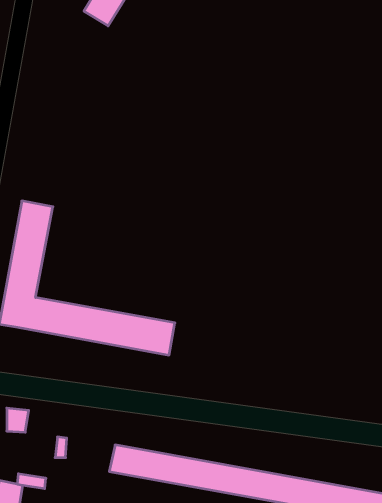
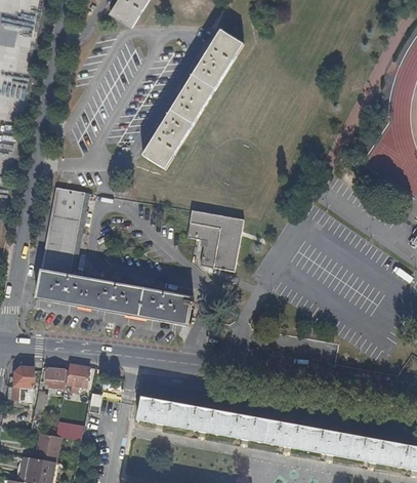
building: none -> [144,29,245,166]
building: none -> [187,204,243,267]
building: none -> [60,361,85,393]

